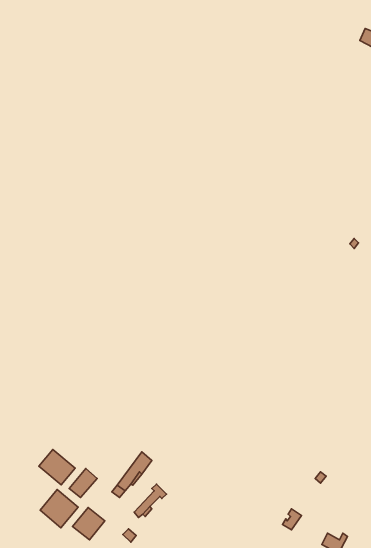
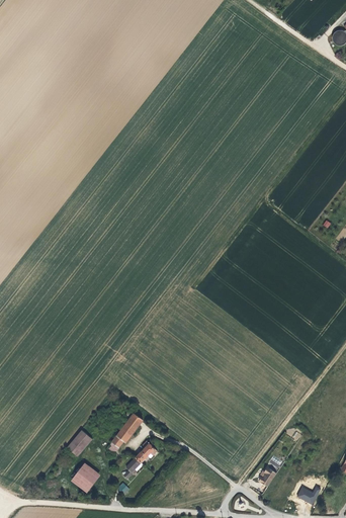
building: [39,450,75,485] -> none
building: [40,489,78,528] -> none

